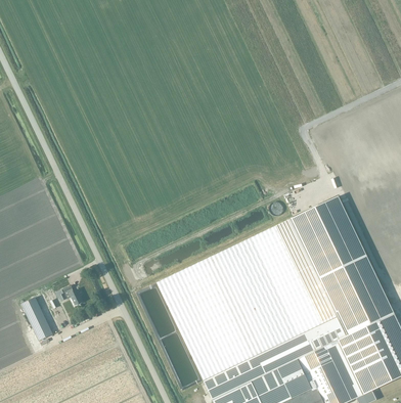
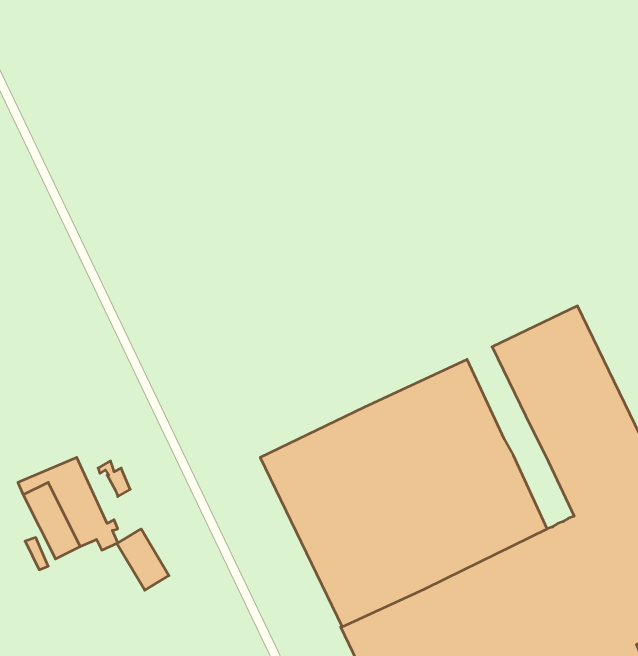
building: [274,219,336,323] -> none
building: none -> [117,529,169,590]

